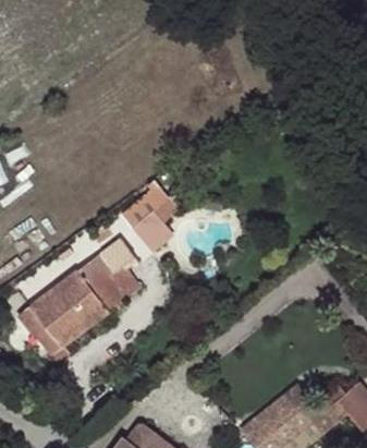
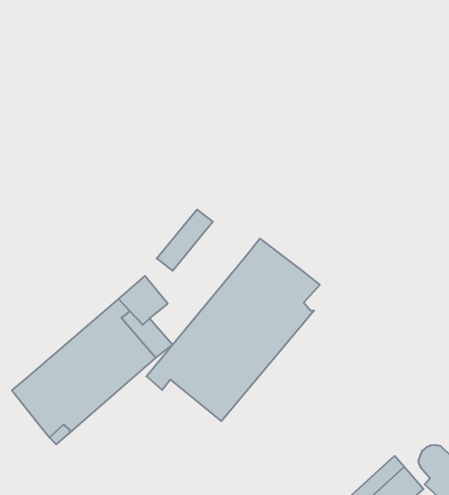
building: none -> [146,239,320,421]

